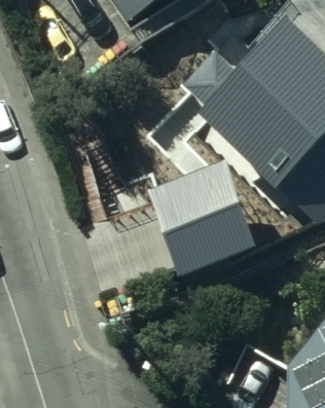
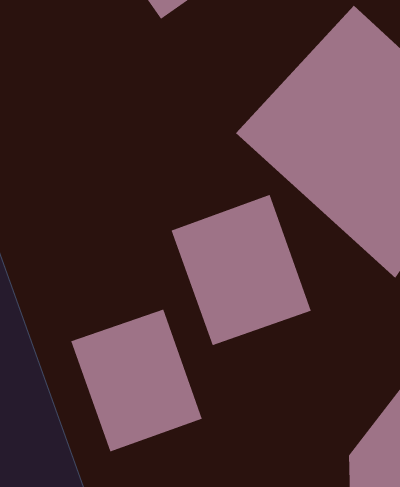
building: none -> [70,308,203,453]

